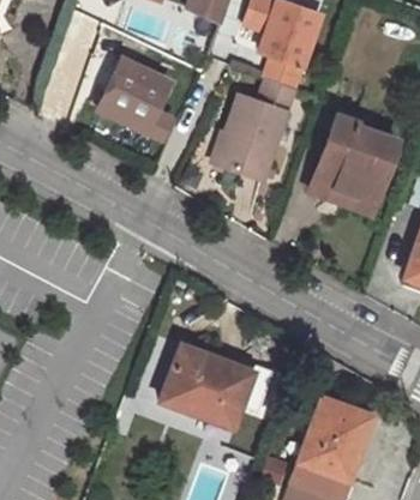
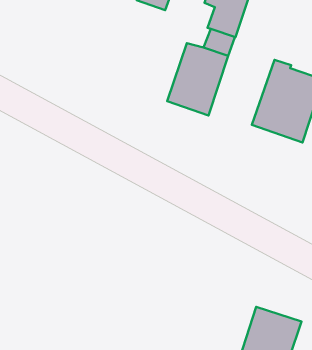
building: [98,62,174,144] -> none
building: [161,342,253,423] -> none

